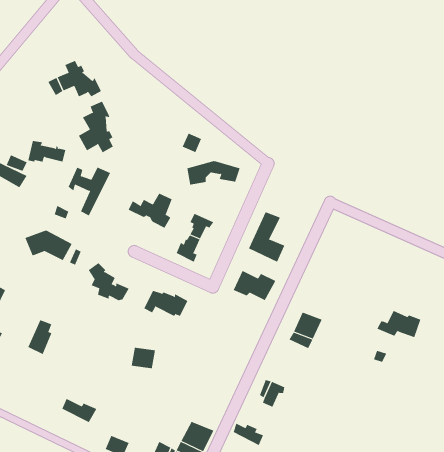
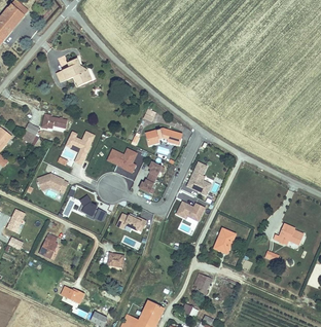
building: [78,101,114,153] -> none

